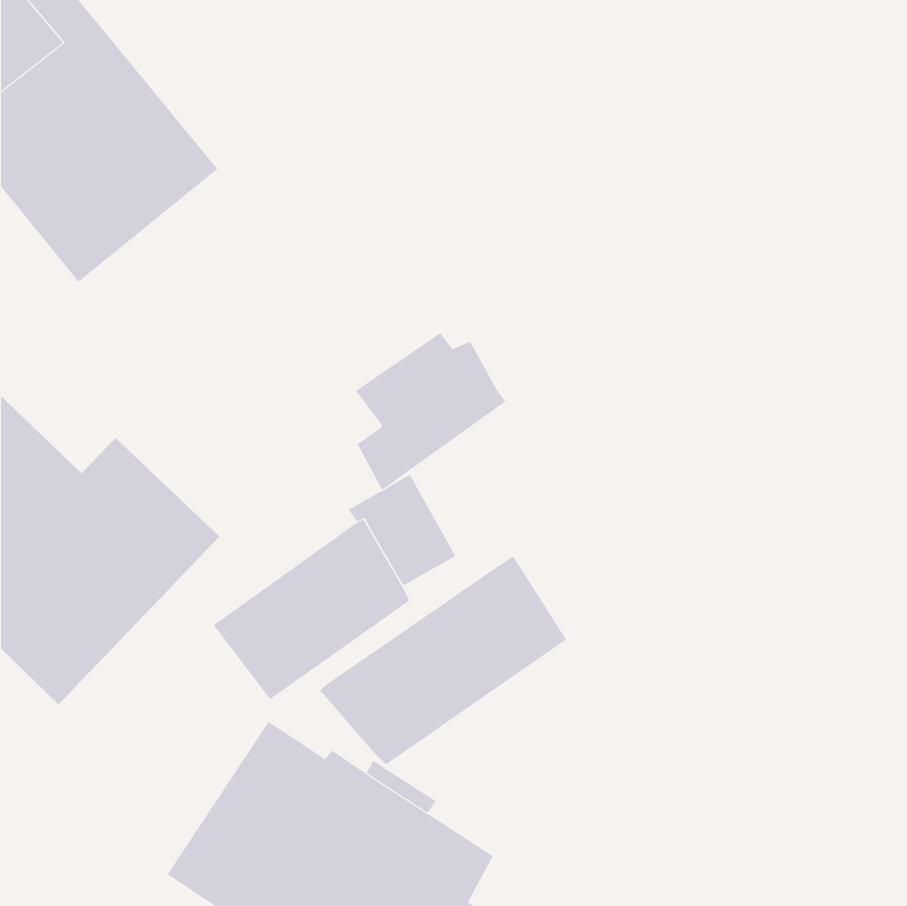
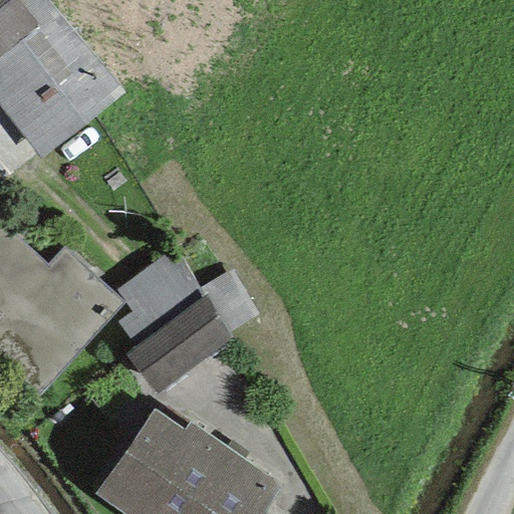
building: [355,332,506,490] -> [116,256,202,345]
building: [319,555,567,765] -> none

